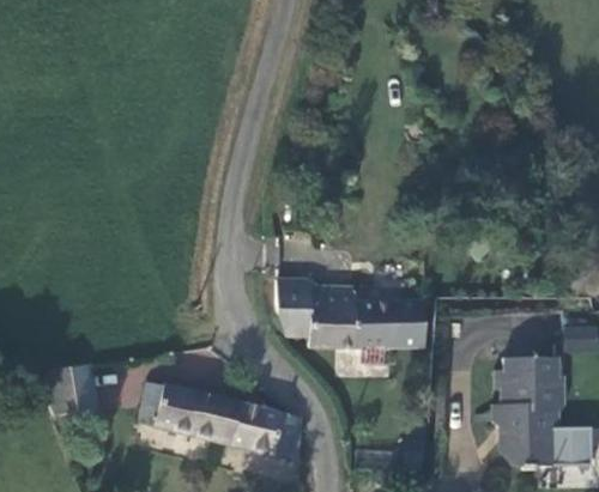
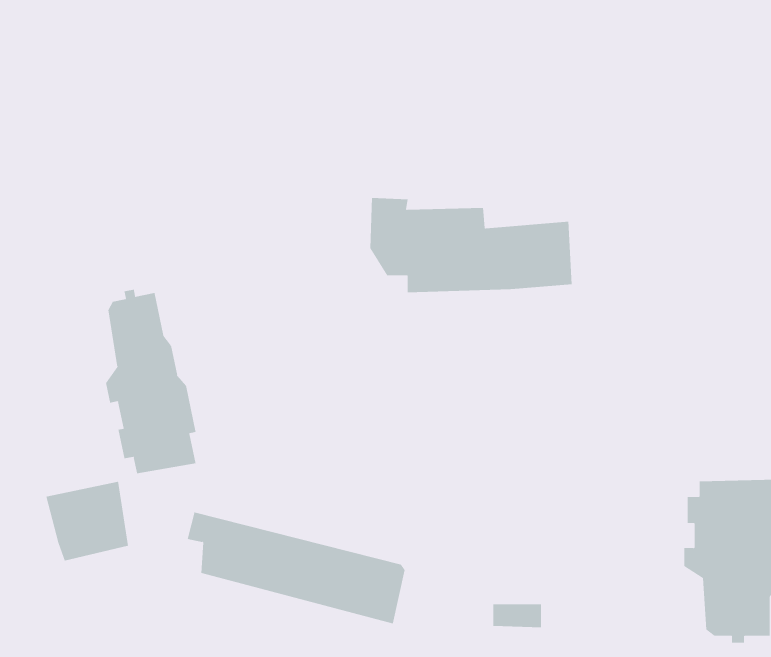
building: none -> [106,289,196,474]
building: [278,281,420,348] -> [369,197,572,293]

